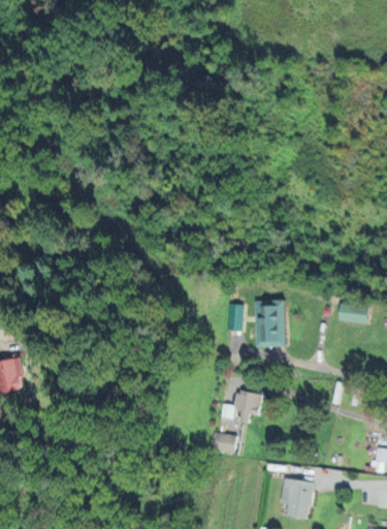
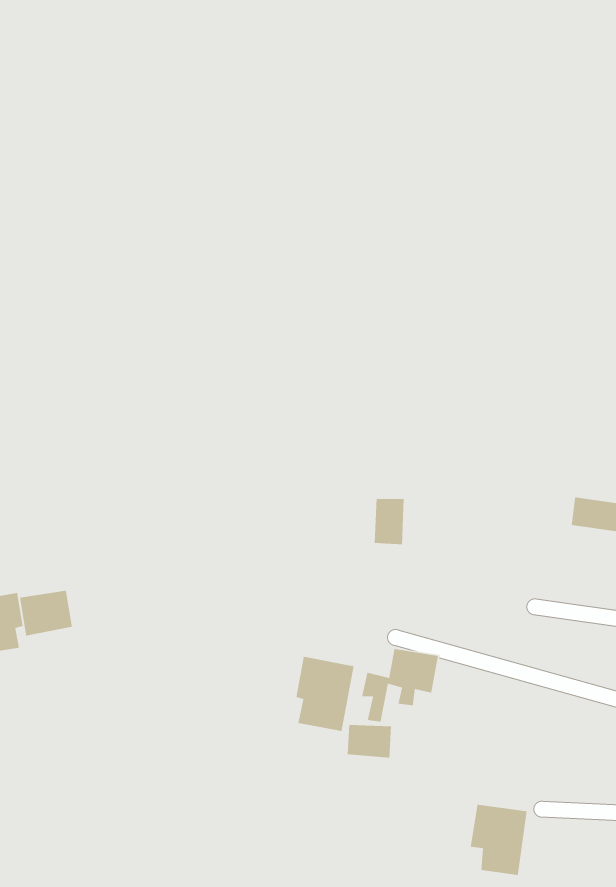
building: [254,300,286,346] -> none
building: none -> [19,590,73,637]
building: none -> [295,656,355,732]

